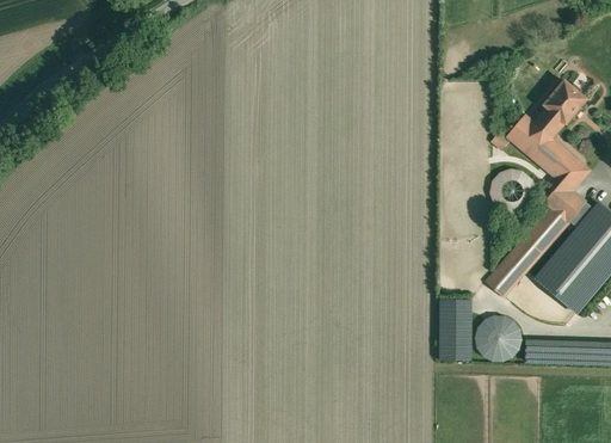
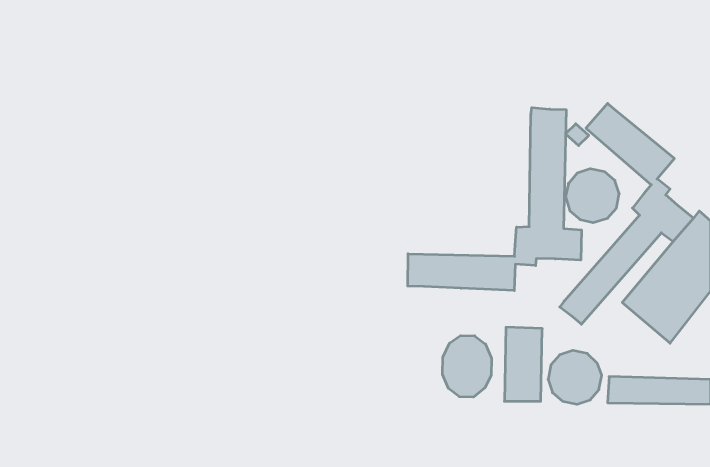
building: [533,80,587,137] -> none
building: none -> [408,108,581,291]
building: none -> [443,336,491,397]

